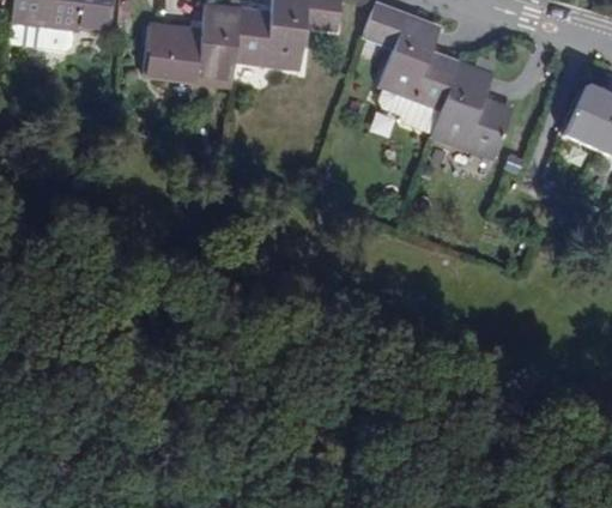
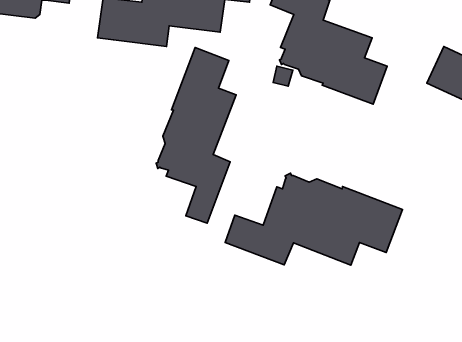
building: none -> [156,48,236,223]
building: none -> [225,173,402,265]

